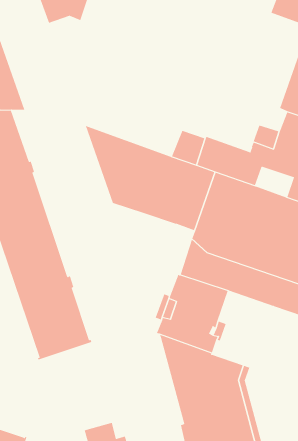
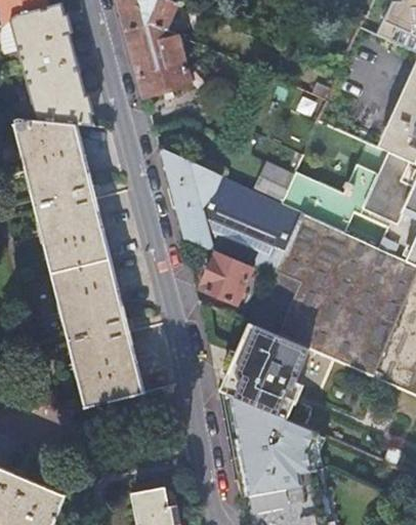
building: none -> [127,25,189,97]
building: none -> [203,253,252,306]

